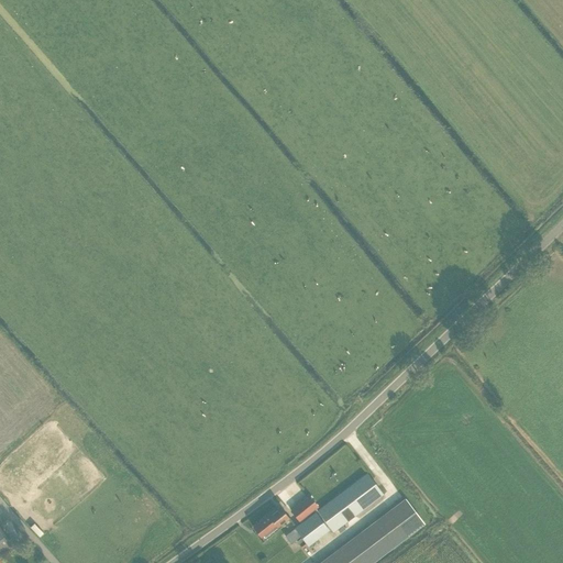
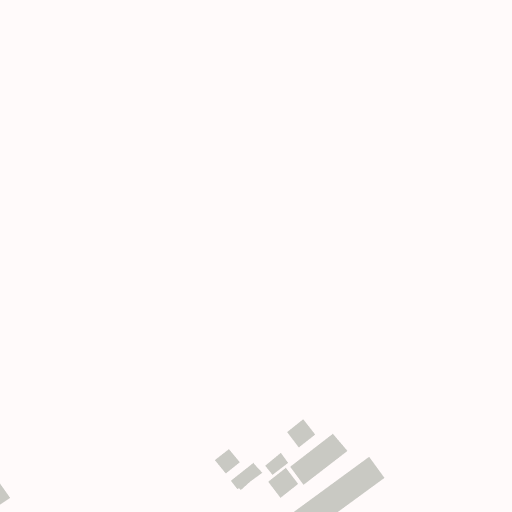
building: none -> [286,418,316,448]
building: none -> [214,448,241,474]

